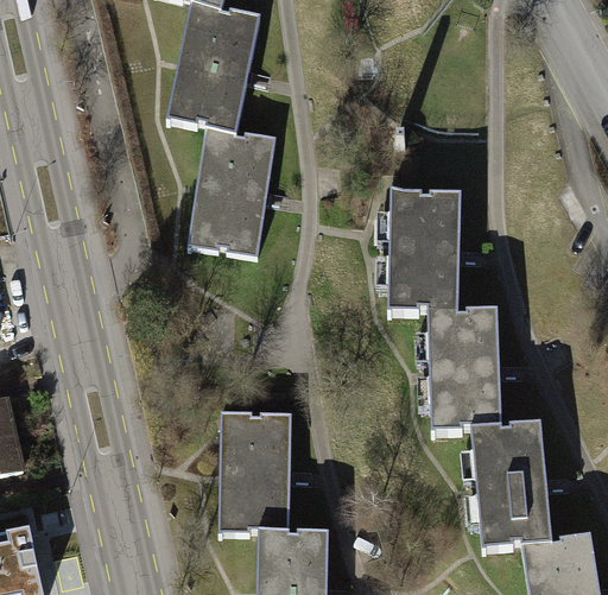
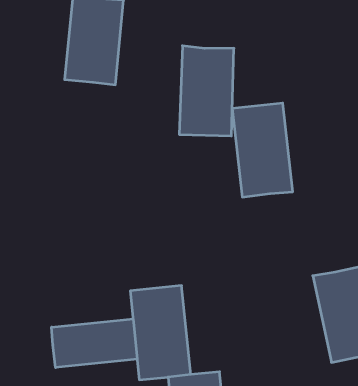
building: [186,127,274,257] -> [179,46,234,136]
building: [425,305,500,426] -> none
building: none -> [52,319,137,368]

